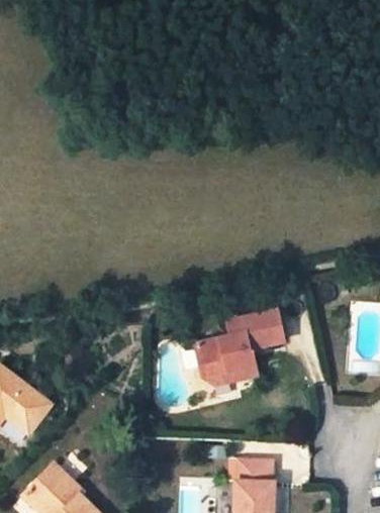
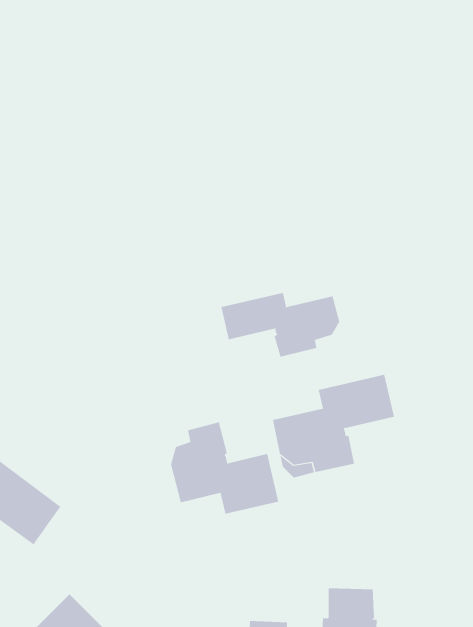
building: none -> [221,292,340,358]
building: none -> [171,421,279,515]

